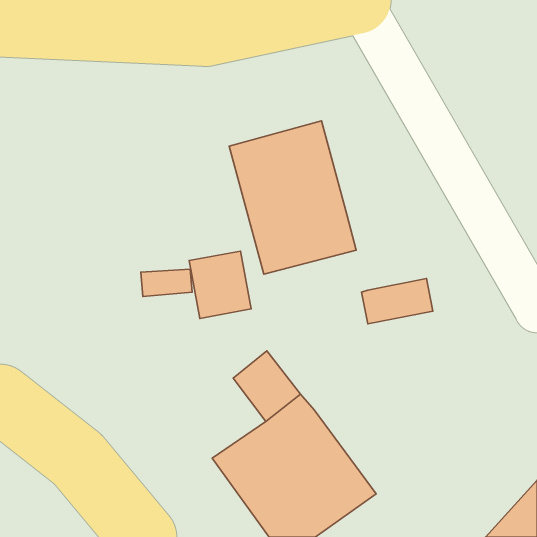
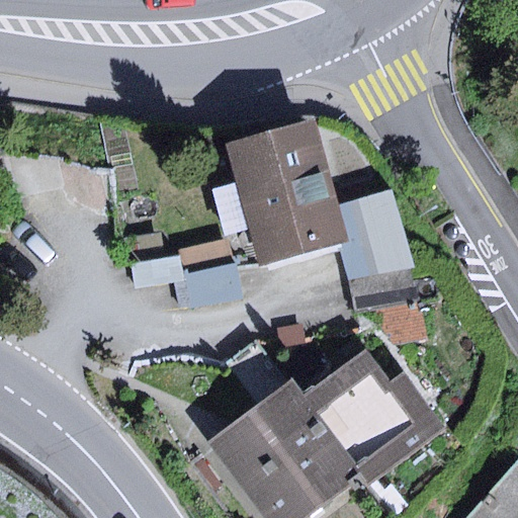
building: none -> [334,190,416,279]
building: none -> [303,349,447,488]

